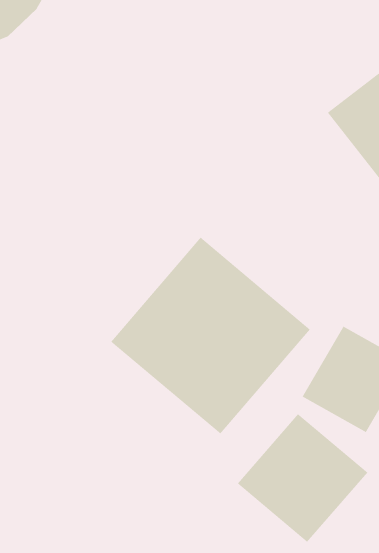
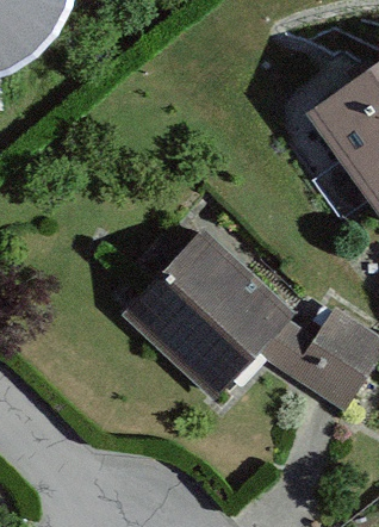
building: [237,413,368,543] -> none

